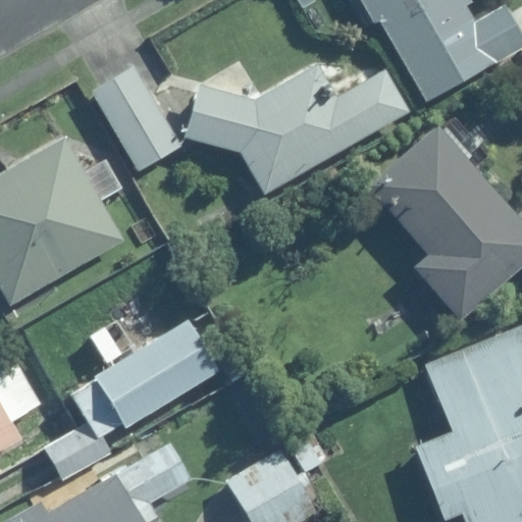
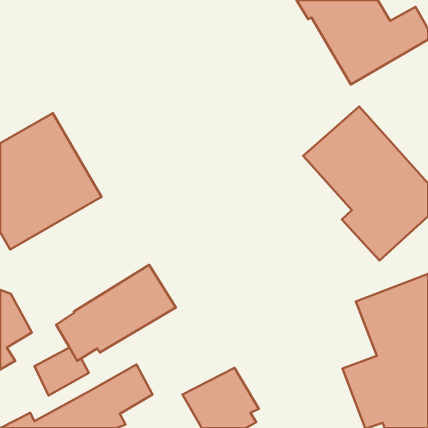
building: [92,66,181,170] -> none
building: [187,66,410,193] -> none

